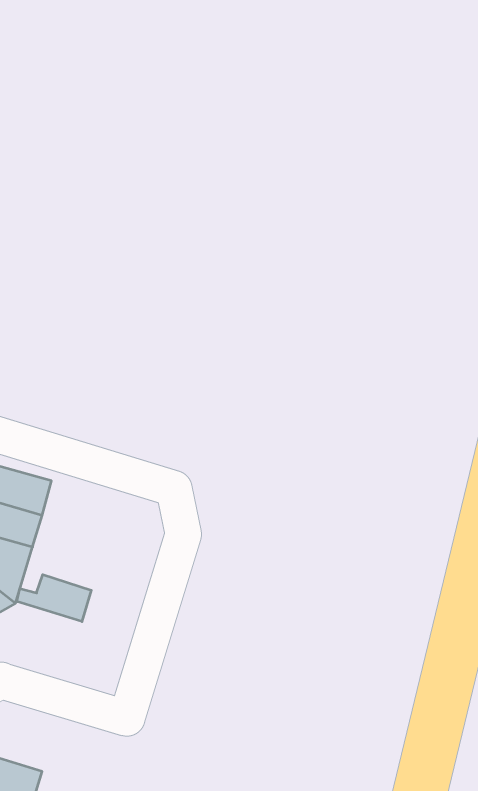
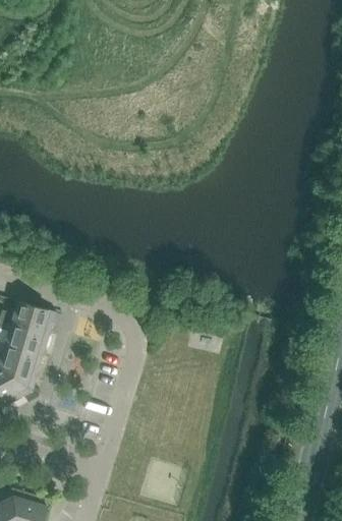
building: [17,575,91,622] -> none

